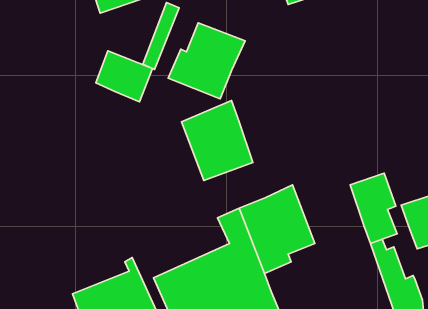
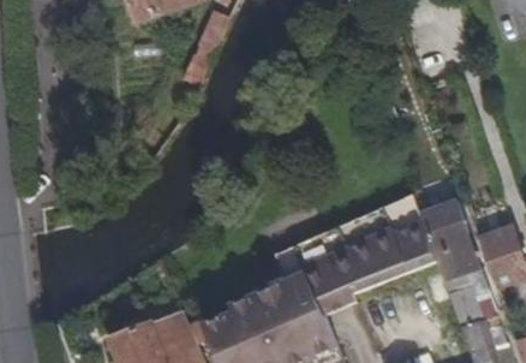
building: [168,23,245,99] -> none
building: [96,51,153,102] -> none
building: [181,100,253,180] -> [355,192,436,282]

